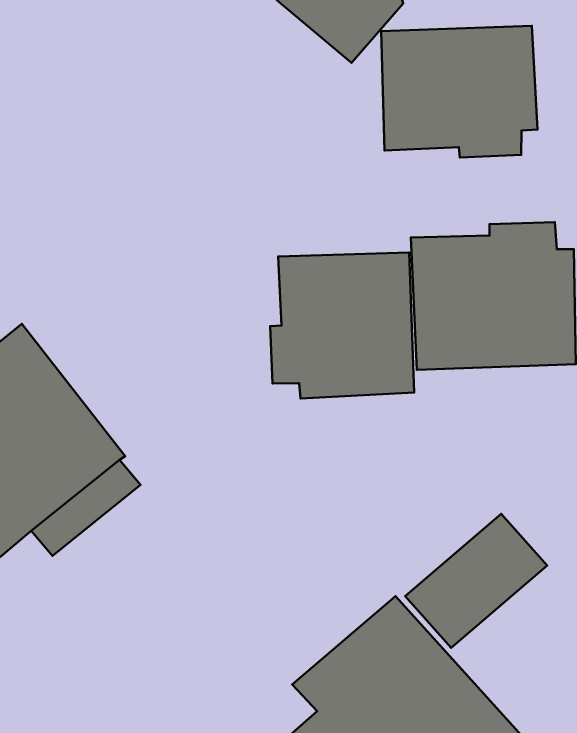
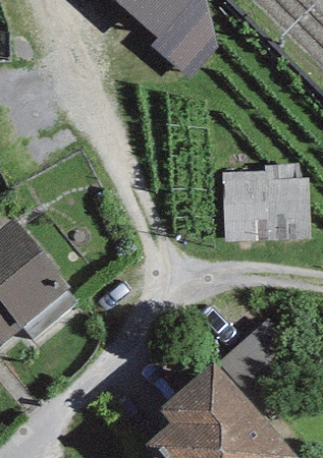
building: [381,26,538,157] -> none
building: [270,253,414,398] -> none

